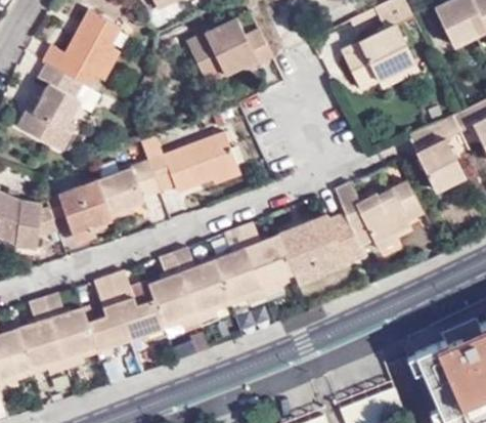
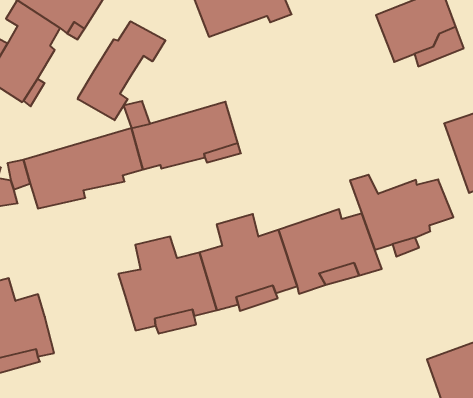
building: none -> [78,21,165,120]
building: [89,271,166,354] -> none

